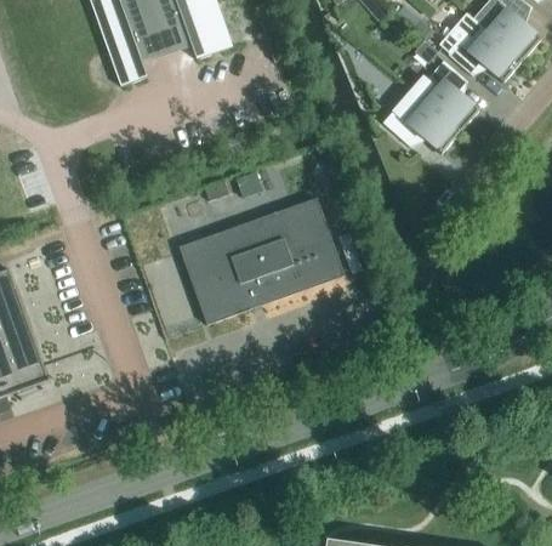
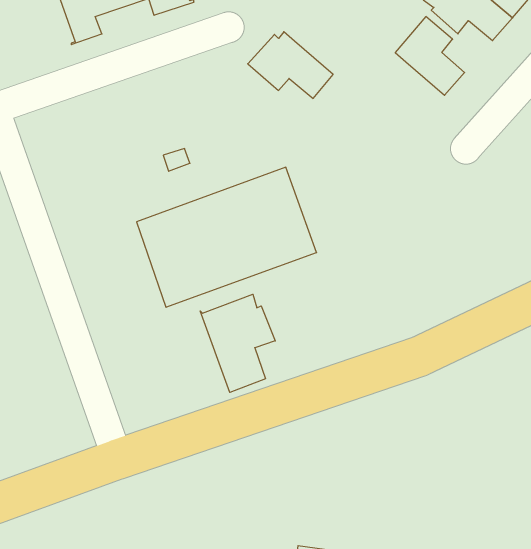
building: [382,91,460,152] -> [248,32,333,98]
building: none -> [200,294,275,392]

